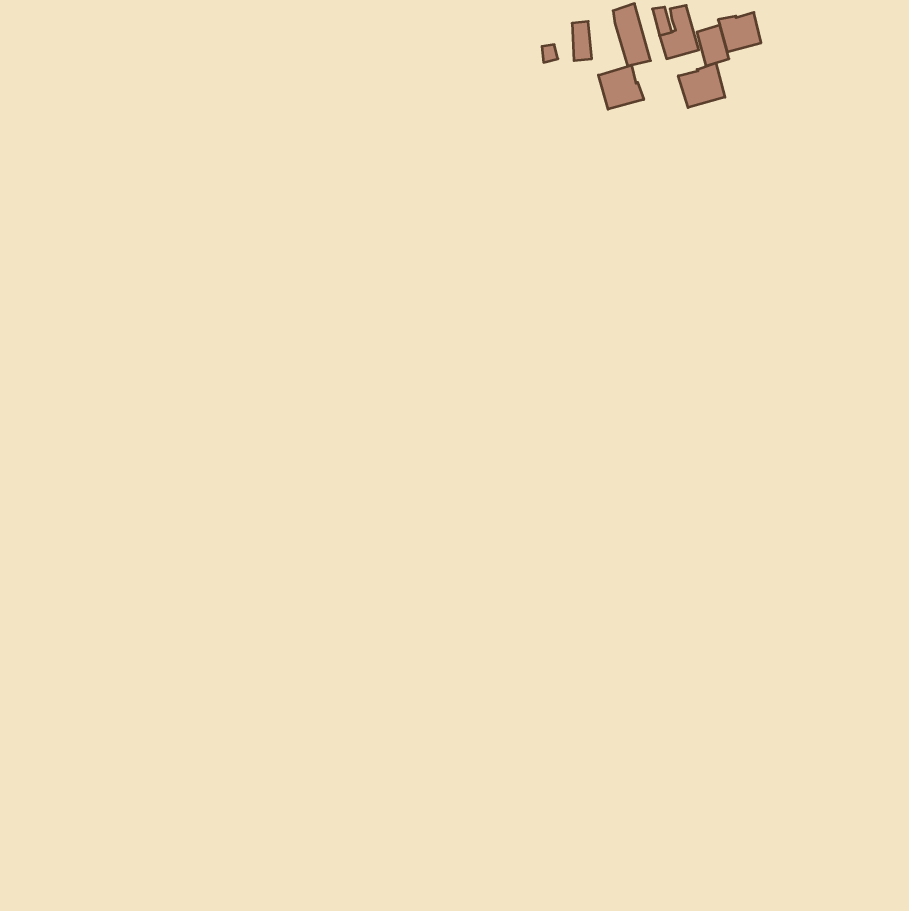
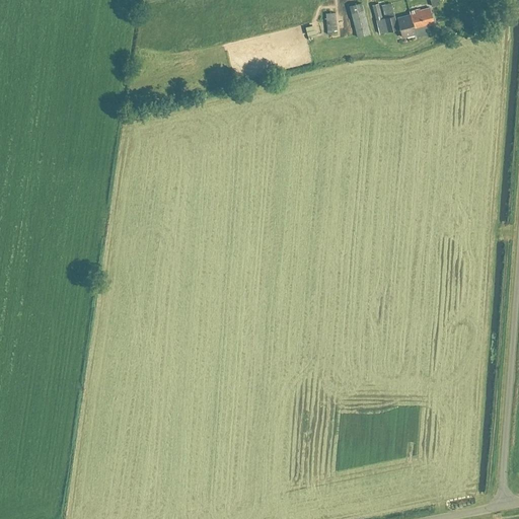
building: [678,63,725,108] -> none
building: [598,65,644,109] -> none

